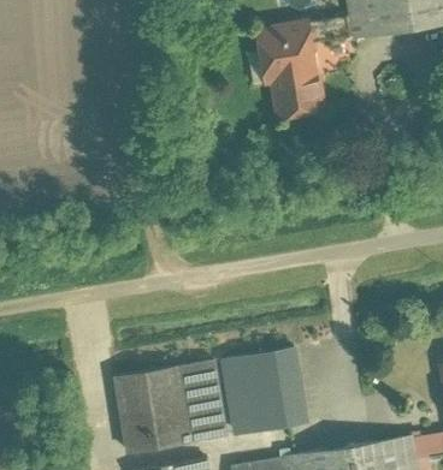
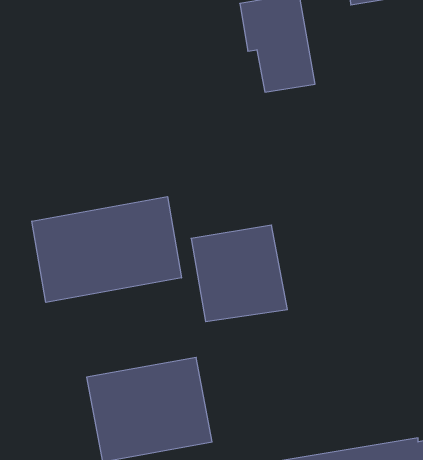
building: none -> [32,197,181,302]
building: [222,347,309,435] -> [191,225,287,322]

